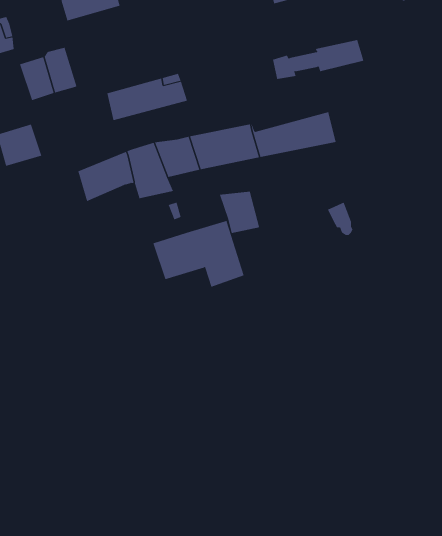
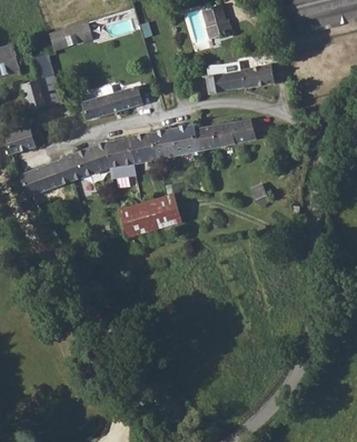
building: none -> [21,158,72,197]
building: [219,191,260,234] -> none

